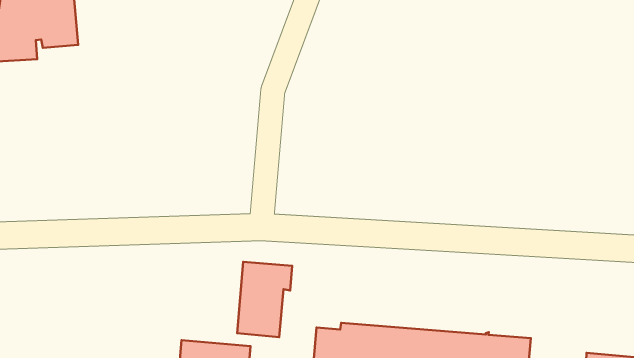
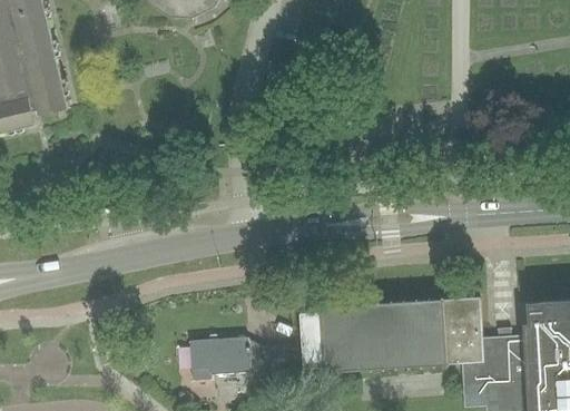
building: [237,262,292,337] -> none

